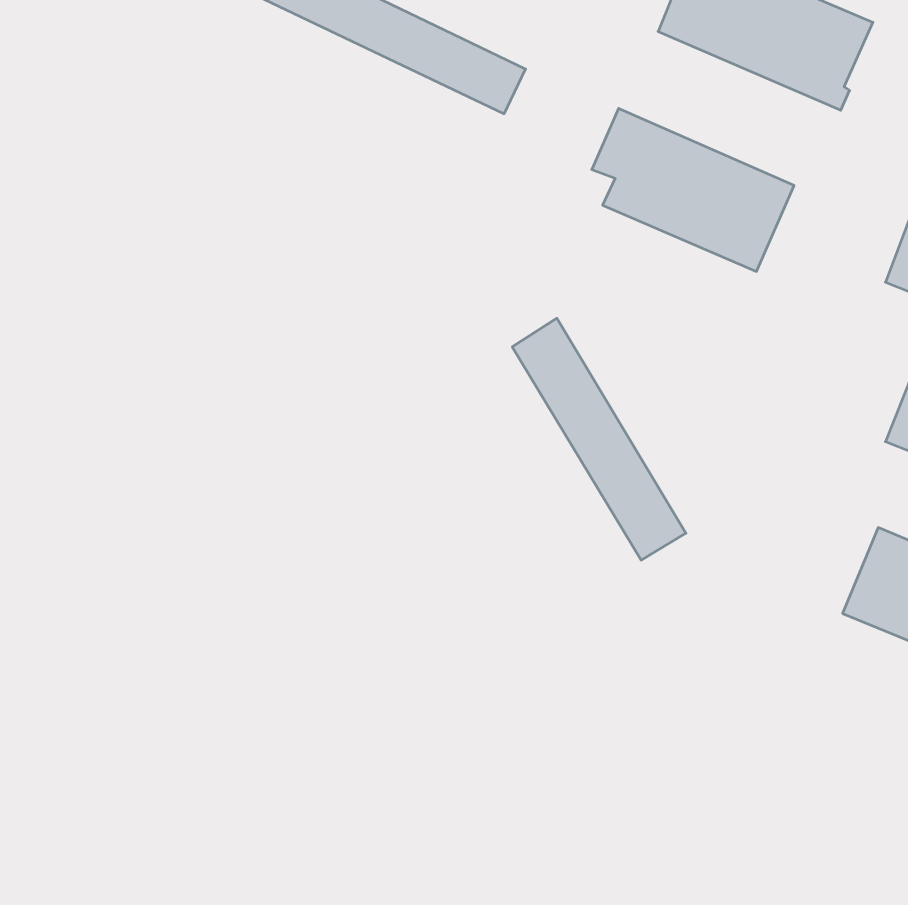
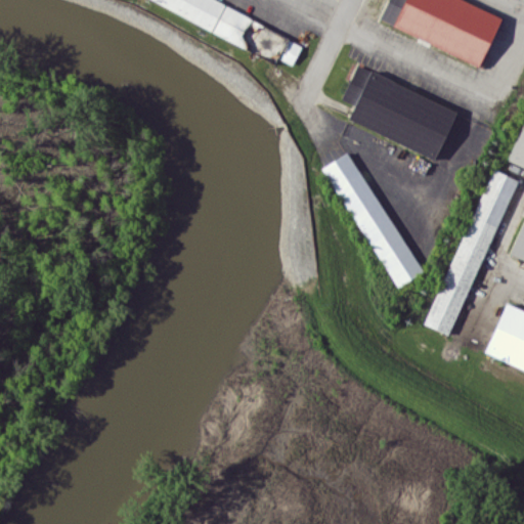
building: none -> [428,168,515,336]
building: [512,318,686,560] -> [323,150,423,289]

